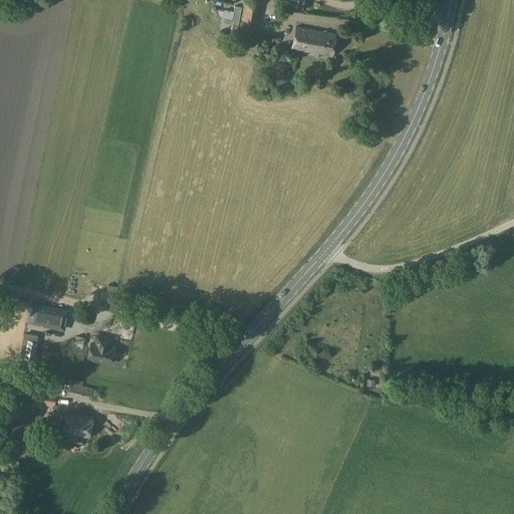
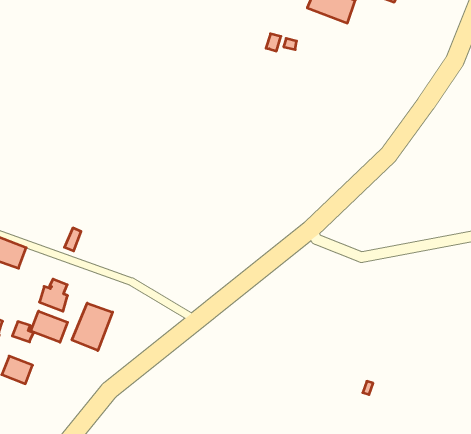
building: none -> [72,303,113,351]
building: none -> [31,311,68,342]

